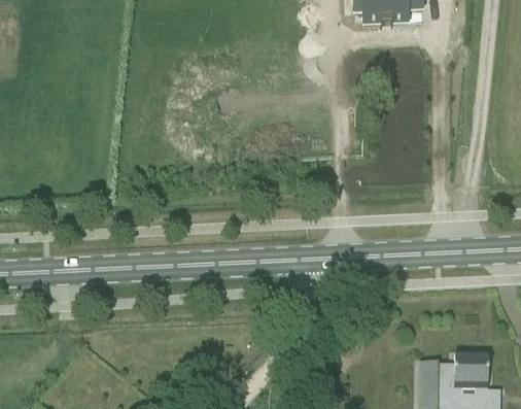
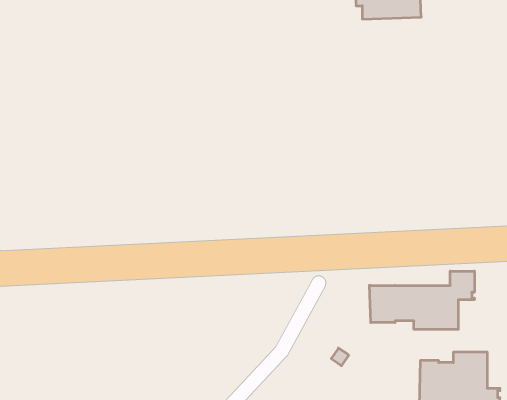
building: none -> [369,271,474,329]

